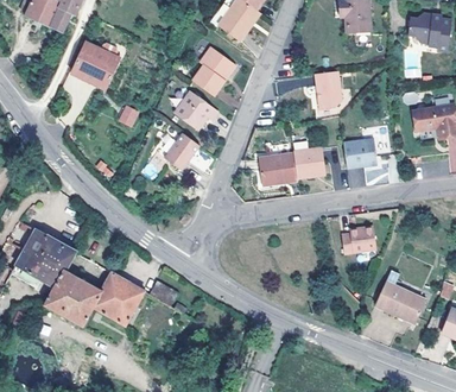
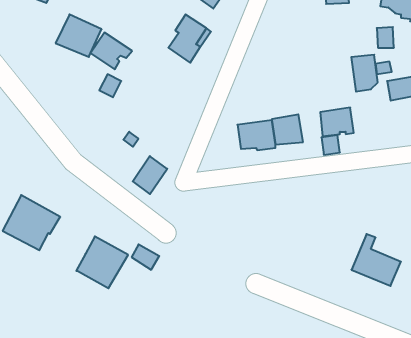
building: [317,71,344,109] -> [351,55,378,92]
building: [169,88,211,126] -> [91,33,132,69]
building: [160,127,196,166] -> [133,156,167,194]
building: [342,228,375,253] -> none
building: [44,268,102,327] -> none

